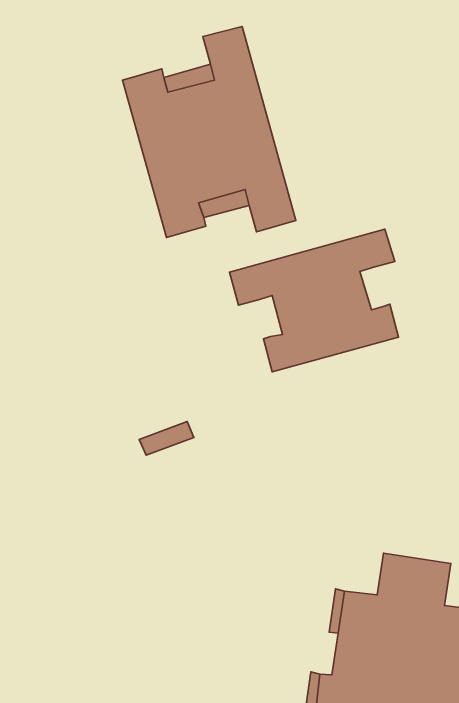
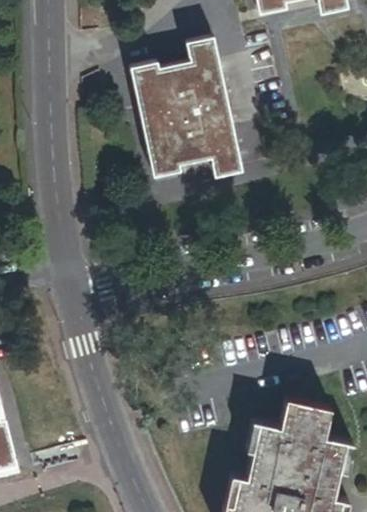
building: [230,229,399,372] -> none

